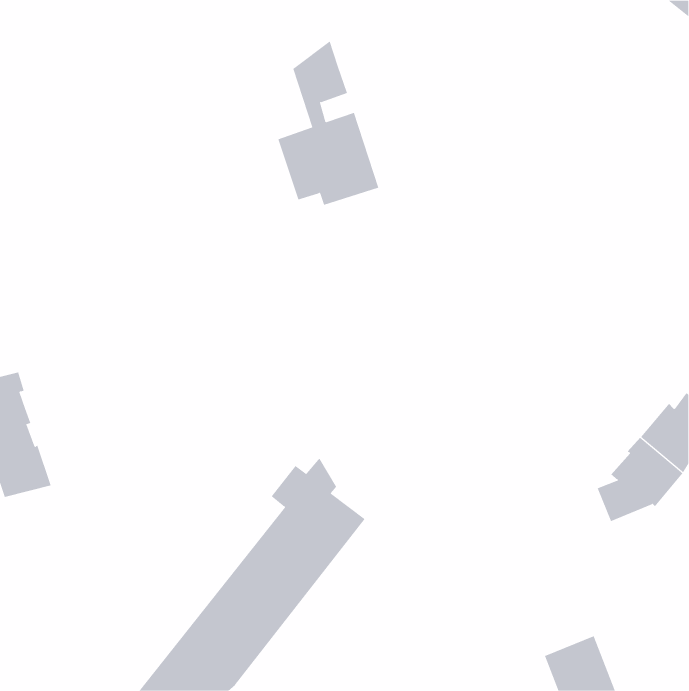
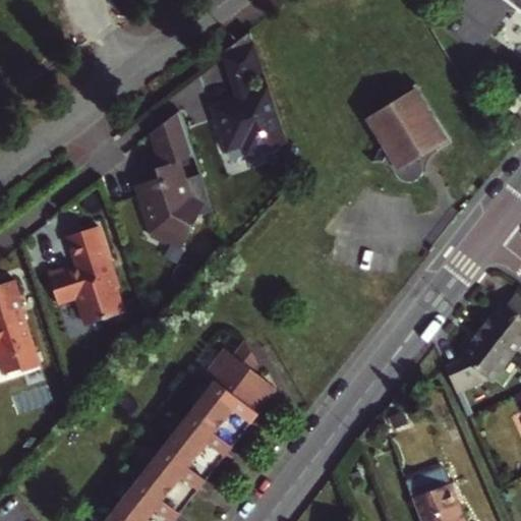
building: none -> [365,85,451,183]
building: none -> [134,110,211,246]
building: none -> [47,226,122,325]

